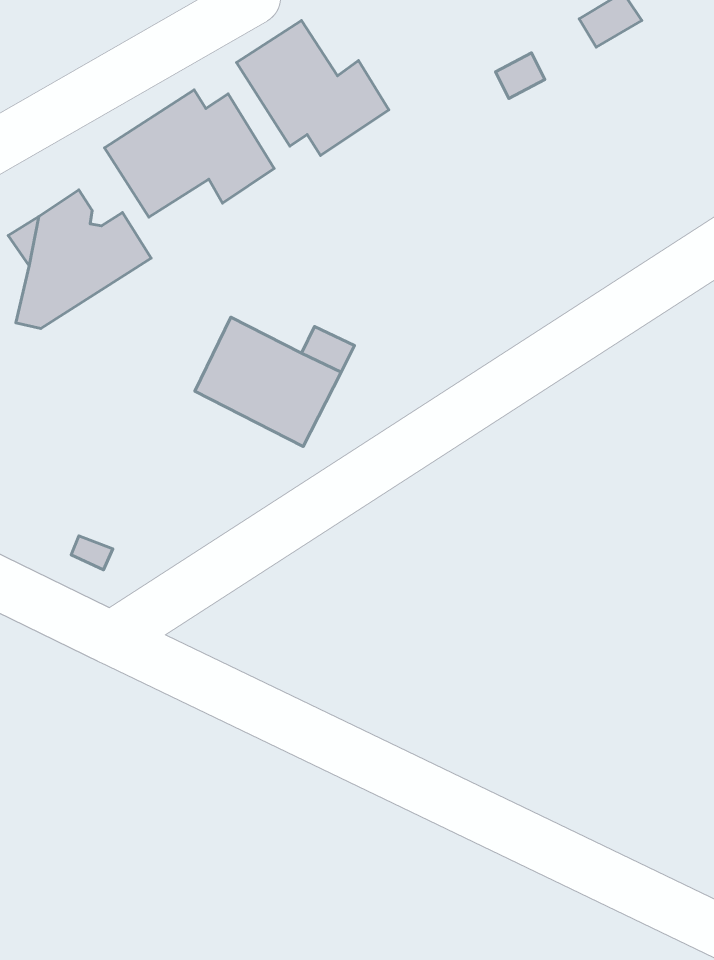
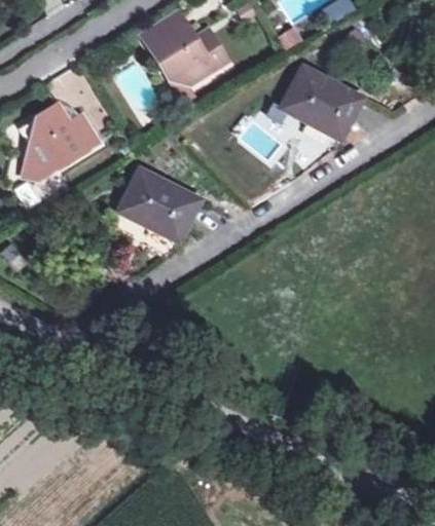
building: [105,90,274,217] -> none
building: none -> [283,69,362,140]

